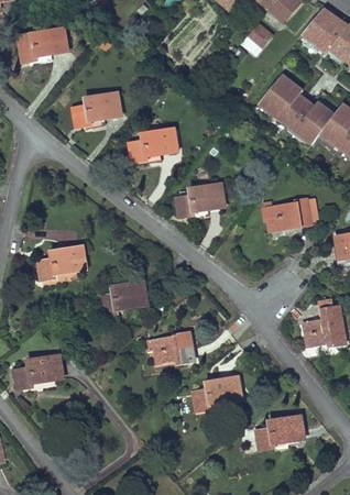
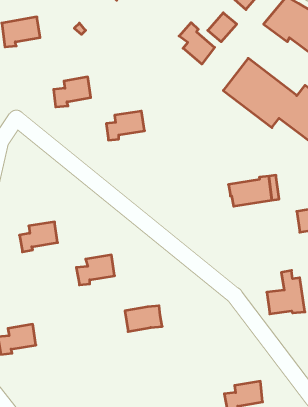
building: none -> [179,23,215,64]
building: [181,185,220,216] -> none
building: [196,378,238,410] -> none

